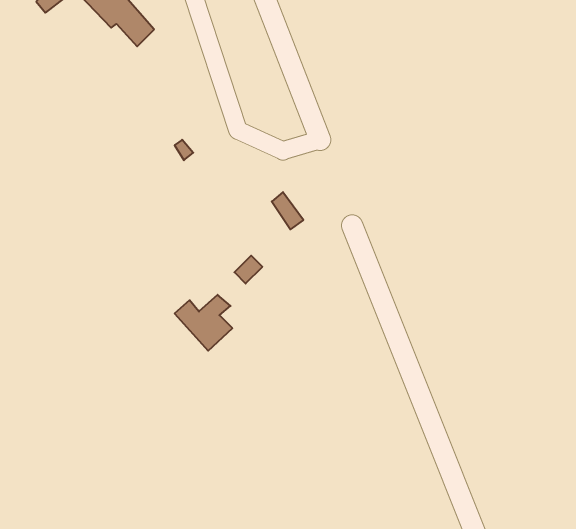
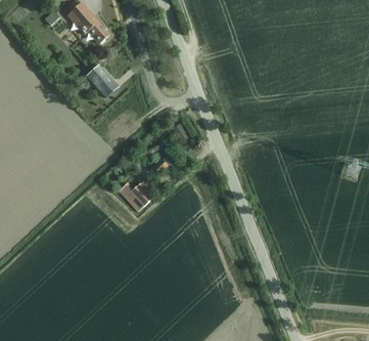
building: none -> [87,66,118,97]

